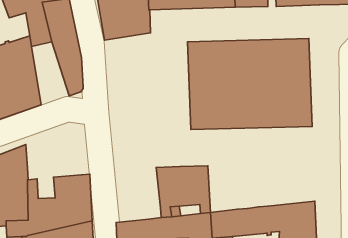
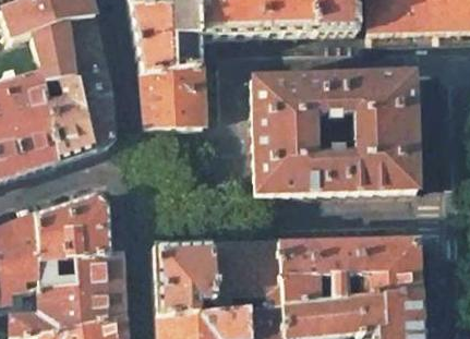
building: none -> [142,65,204,126]
building: none -> [45,77,95,161]
building: none -> [37,194,111,261]
building: none -> [279,239,421,304]
building: none -> [154,244,216,317]

